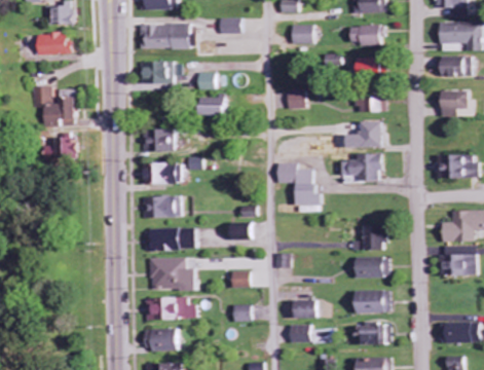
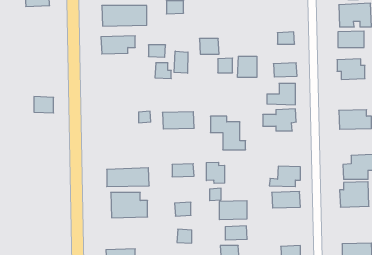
building: [288,25,312,44] -> [199,39,219,54]
building: [345,25,381,44] -> none
building: [35,33,72,55] -> none
building: none -> [174,51,188,73]
building: [30,86,76,125] -> none
building: none -> [238,56,257,77]
building: [142,130,174,151] -> none
building: [143,163,183,185] -> [162,112,194,129]
building: [144,196,184,218] -> none
building: none -> [206,162,225,183]
building: [355,290,389,313] -> [219,201,247,220]
building: [147,297,201,320] -> none

